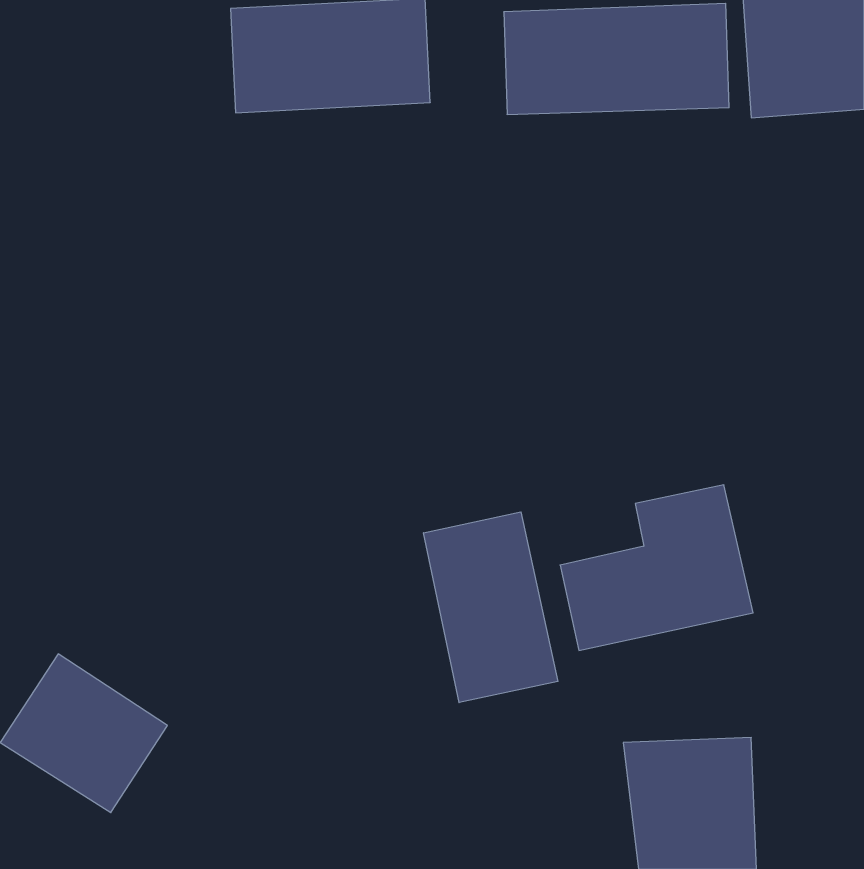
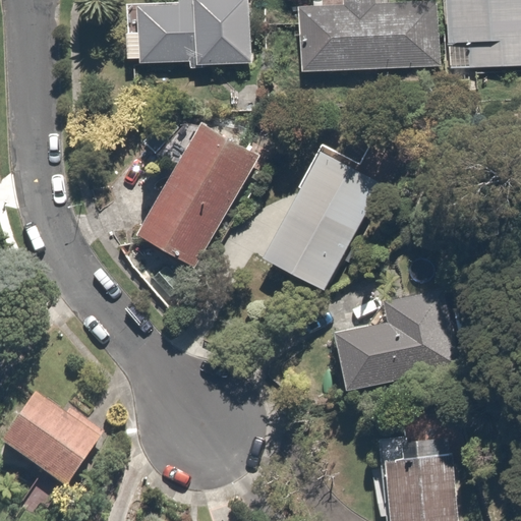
building: none -> [133,121,262,267]
building: none -> [262,142,389,286]
building: [424,512,558,703] -> none

